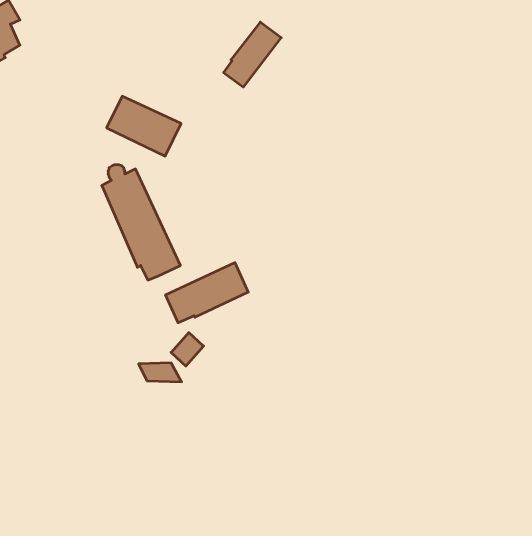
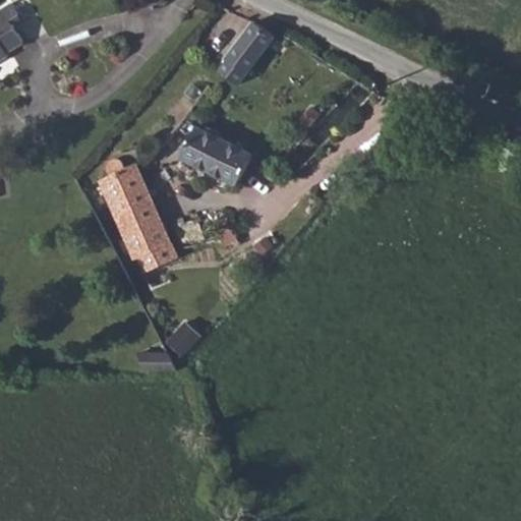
building: [107,96,181,156] -> [178,127,250,185]
building: [166,263,248,323] -> none

